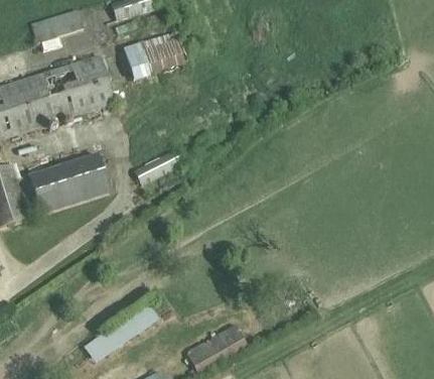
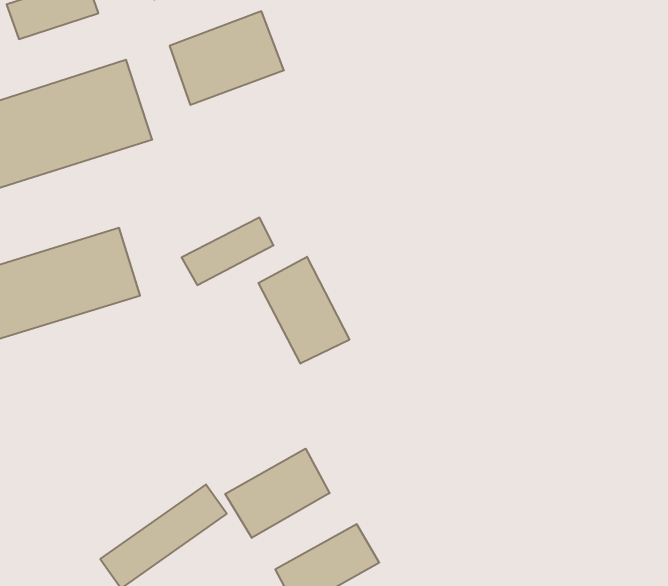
building: none -> [258,257,349,364]
building: none -> [225,449,330,538]

